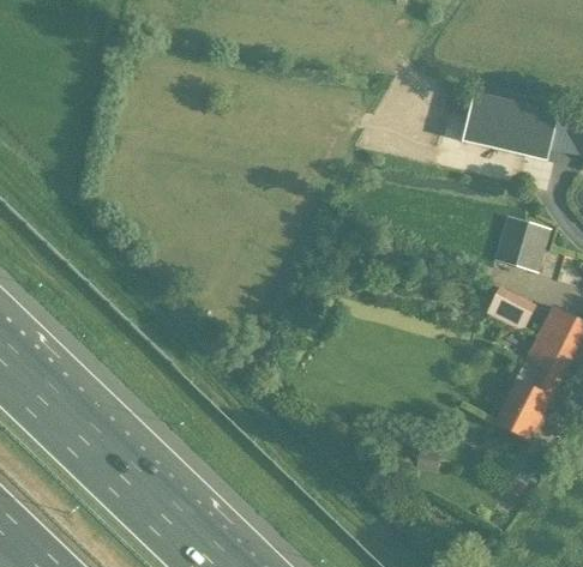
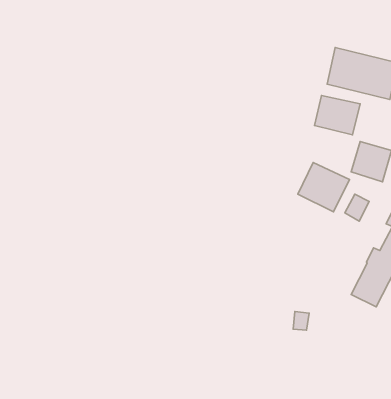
building: none -> [315,95,360,135]
building: none -> [298,163,349,212]

